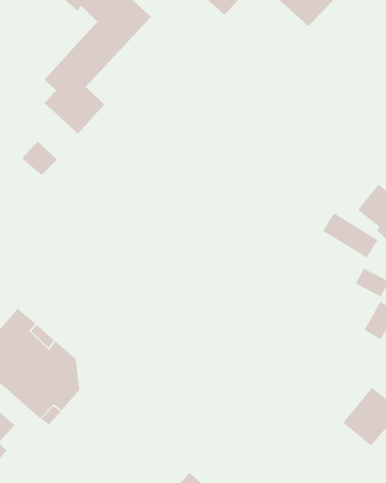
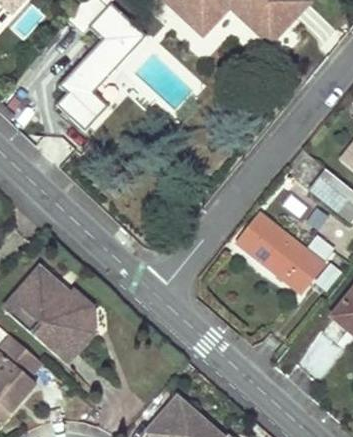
building: none -> [237,213,322,290]

